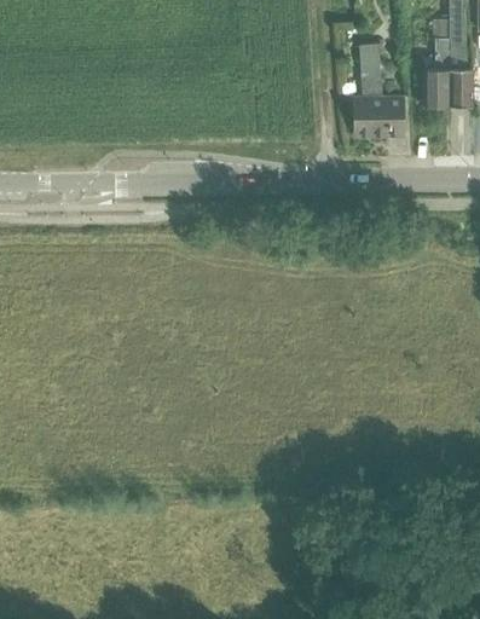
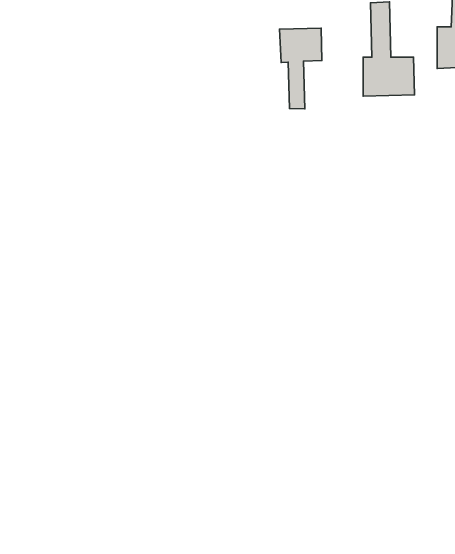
building: none -> [280,28,322,109]

